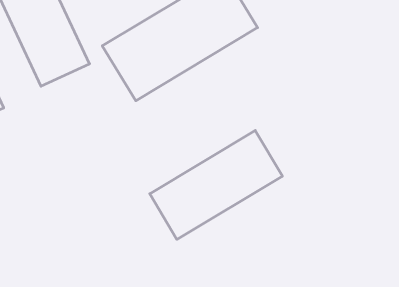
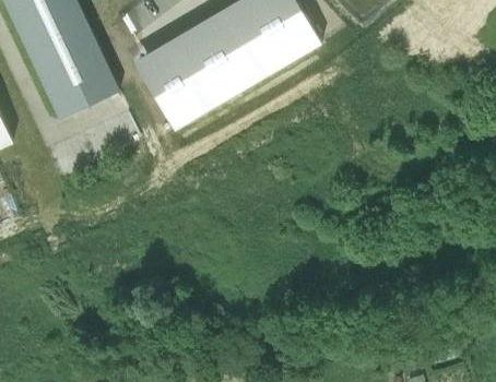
building: [150,130,282,239] -> none

